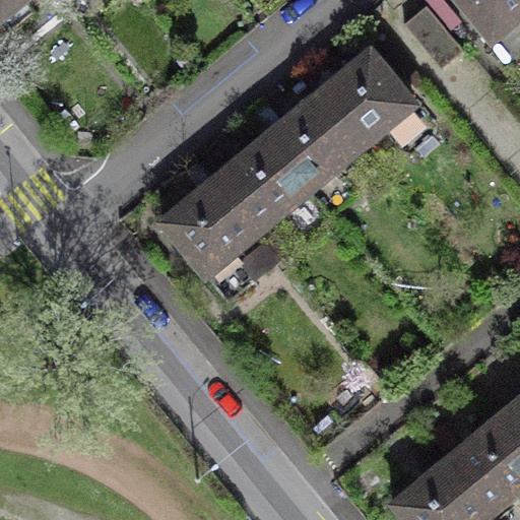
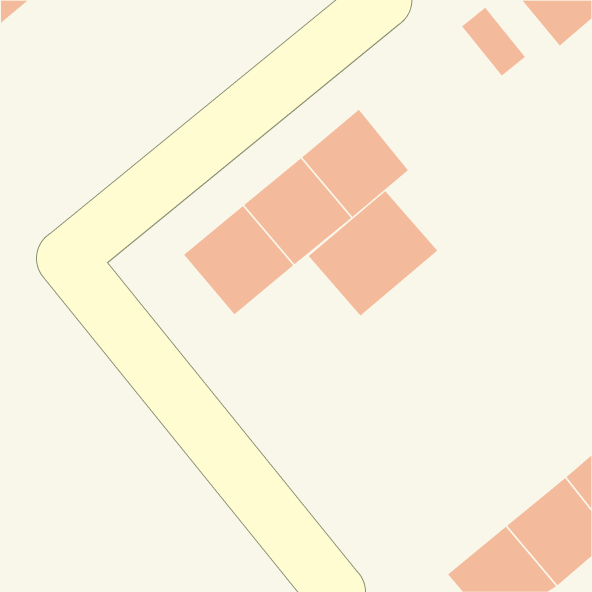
building: [315,52,412,149] -> none
building: none -> [308,190,438,316]

